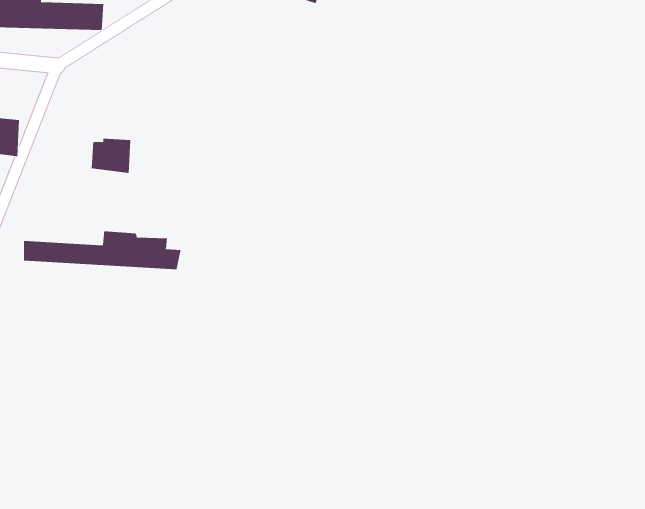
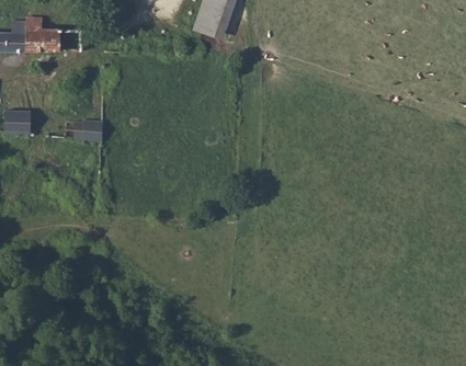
building: [23,231,181,270] -> none

